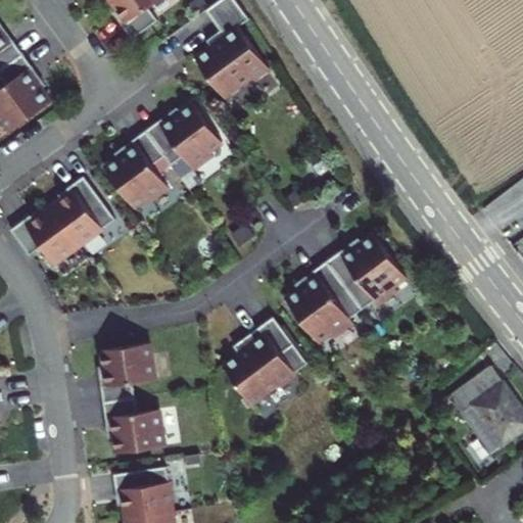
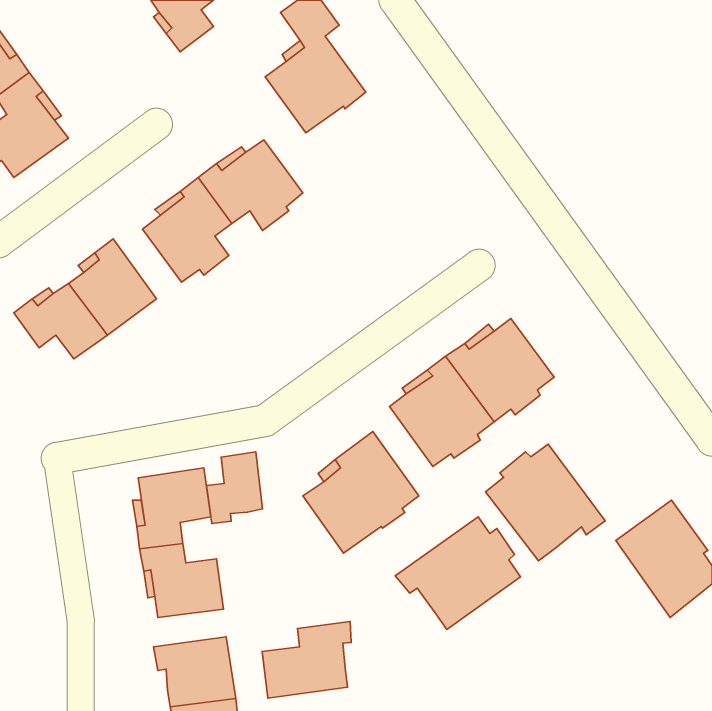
building: none -> [486,444,605,561]
building: none -> [206,452,263,523]
building: none -> [395,517,521,630]
building: none -> [262,622,351,698]

